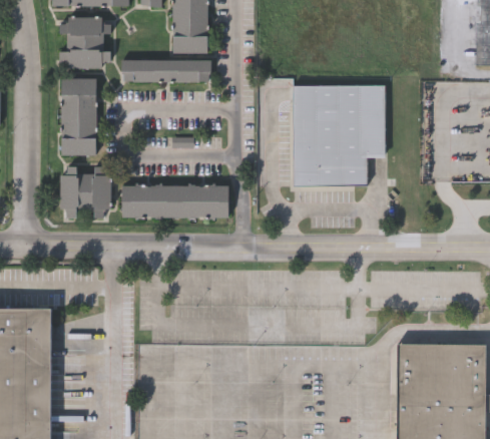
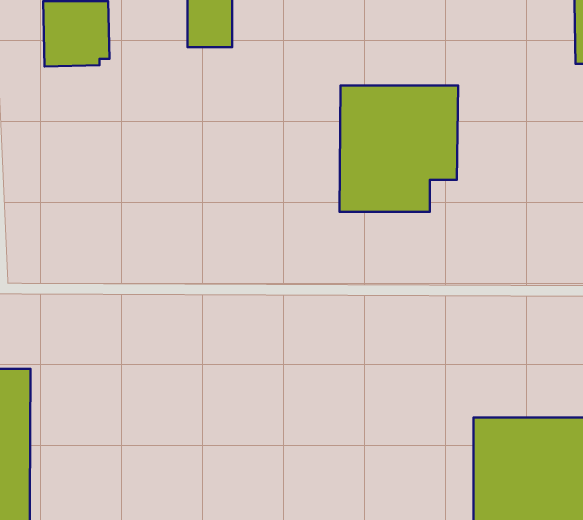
building: [122,60,211,82] -> none
building: [60,78,97,155] -> none
building: [62,166,110,217] -> none
building: [121,185,228,218] -> none

